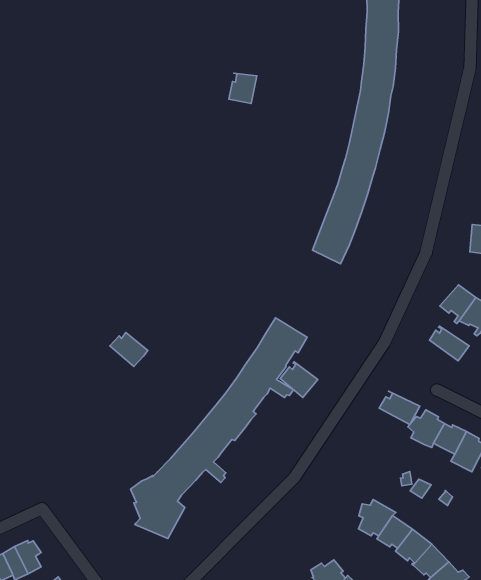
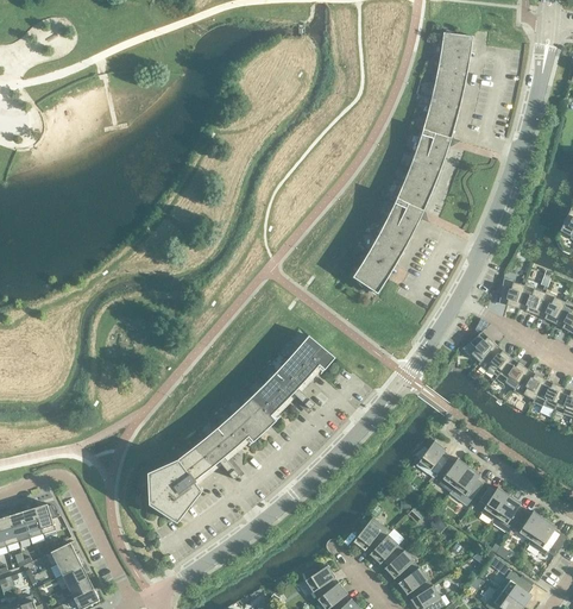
building: [229,73,257,104] -> none
building: [429,326,469,361] -> none
building: [110,333,148,366] -> none
building: [280,362,318,397] -> none
building: [379,391,420,424] -> none

